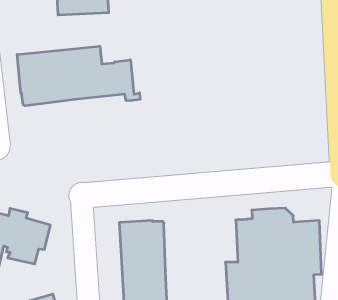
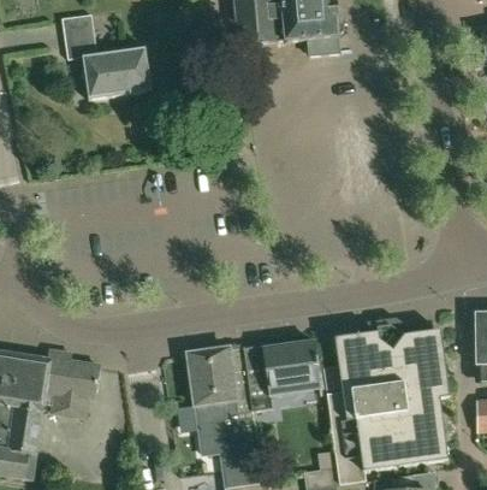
building: [17,46,140,106] -> none
building: none -> [244,341,319,411]

